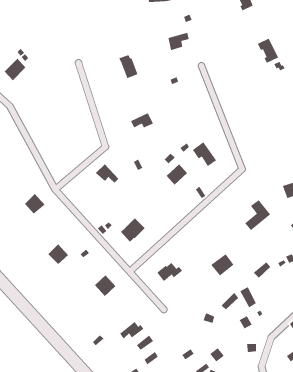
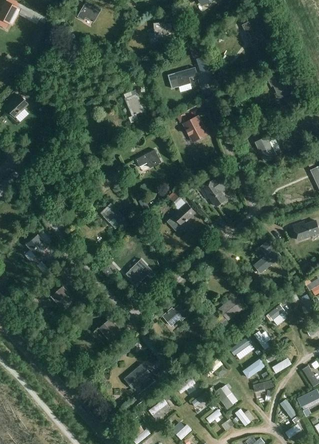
building: none -> [182,115,208,143]
building: none -> [255,135,280,163]

